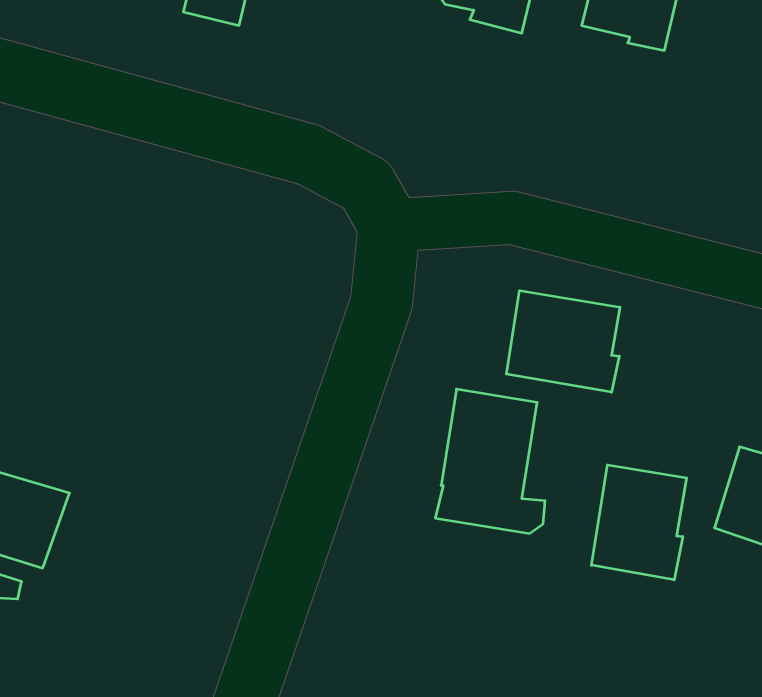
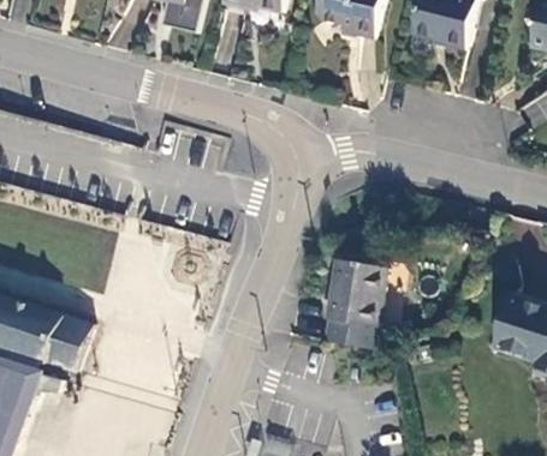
building: [506,291,620,392] -> none
building: [591,465,687,580] -> none

